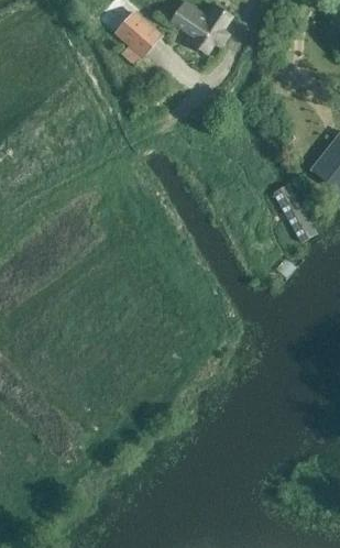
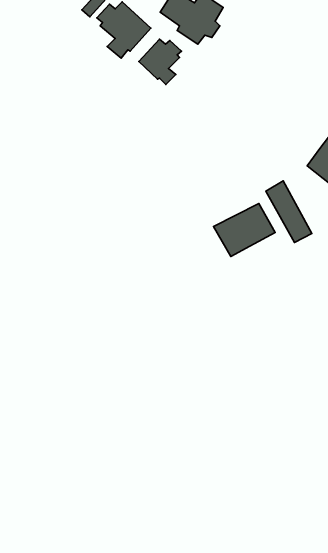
building: none -> [139,39,181,84]
building: none -> [213,204,275,256]

